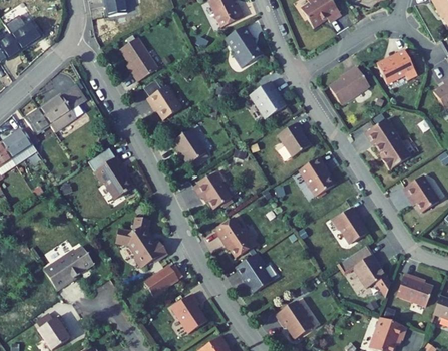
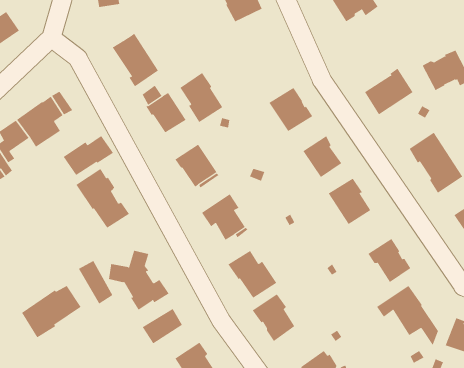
building: [225,25,261,67] -> [180,72,223,123]
building: none -> [63,135,114,176]
building: none -> [78,260,113,304]

